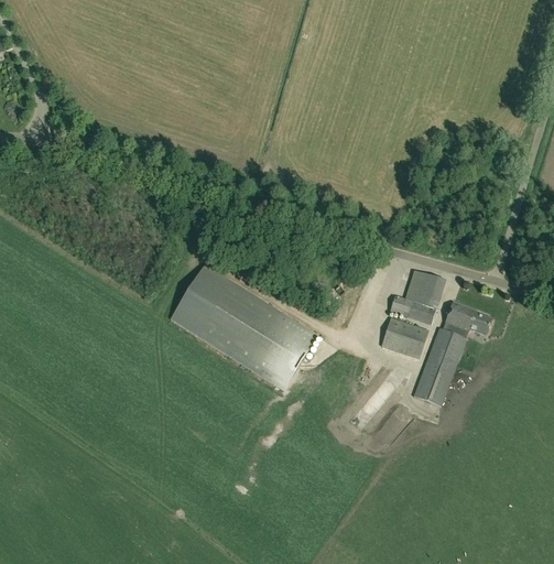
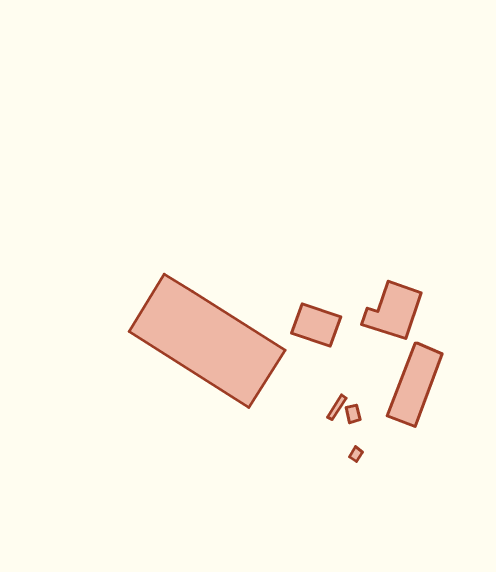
building: [442,301,491,338] -> none
building: [381,317,427,357] -> [292,304,341,346]

